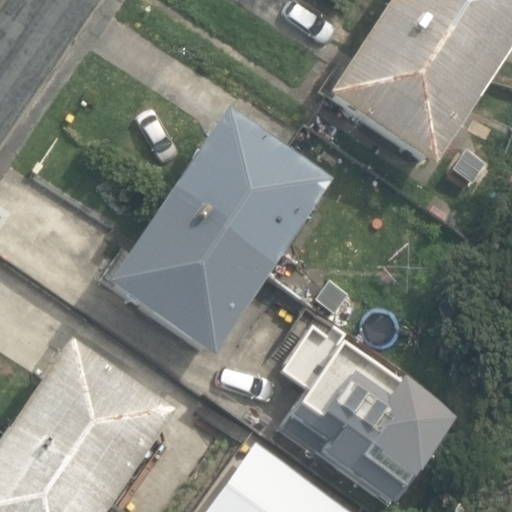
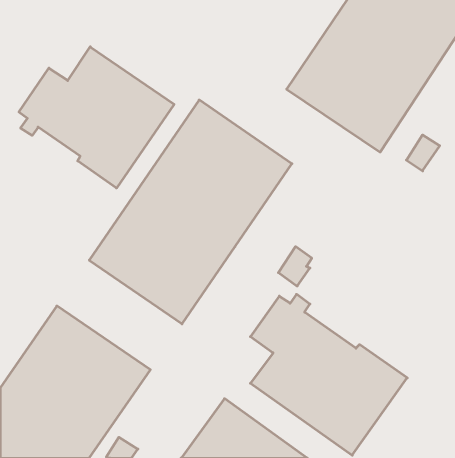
building: none -> [19,47,174,188]

